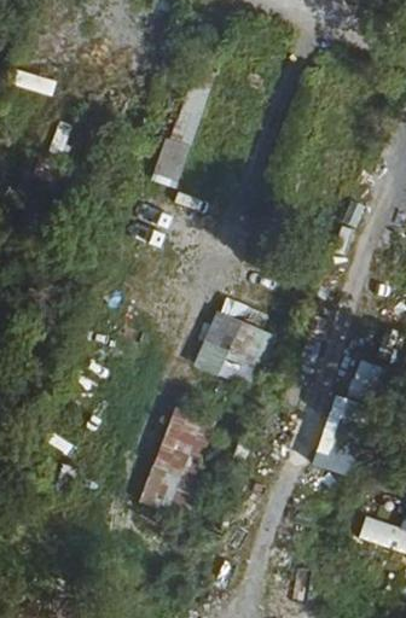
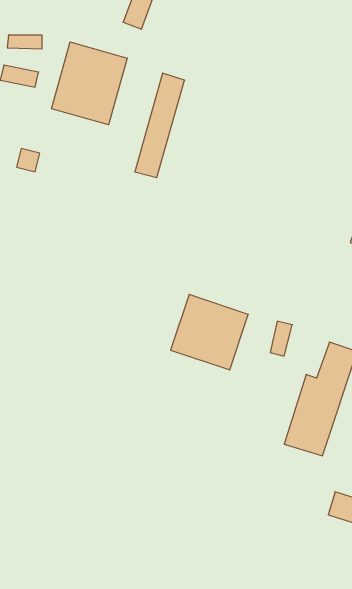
building: none -> [51,42,127,125]
building: [140,404,216,518] -> none

